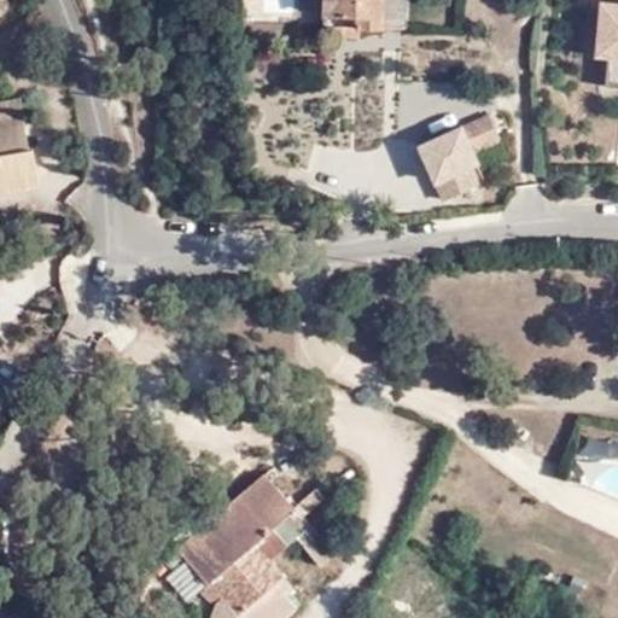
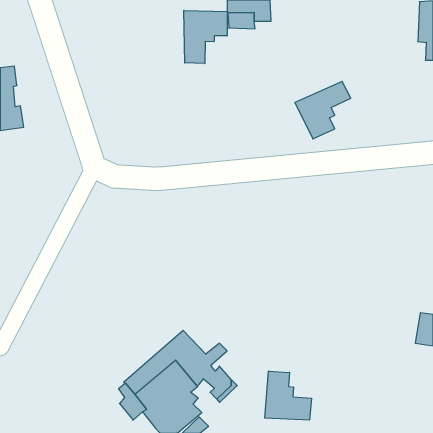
building: none -> [184,10,227,64]
building: none -> [265,371,311,420]

